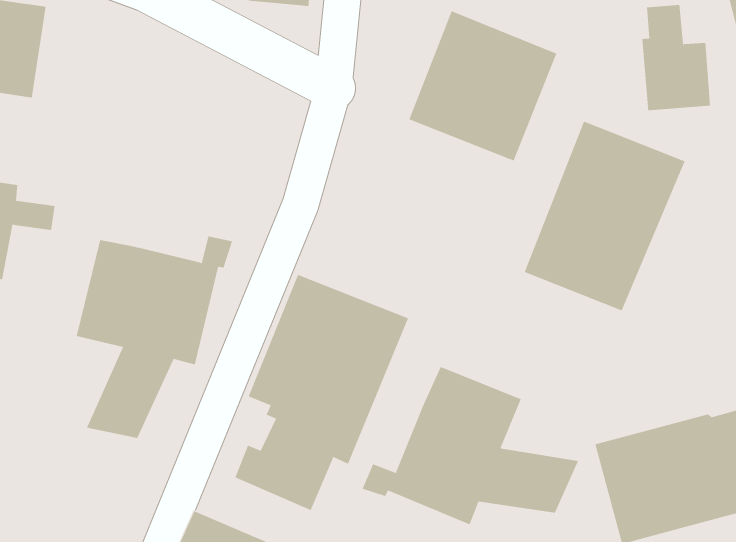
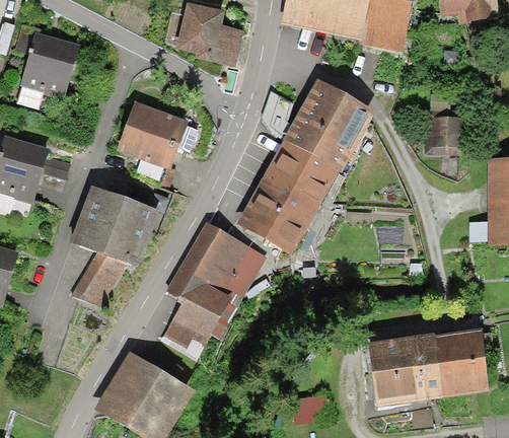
building: none -> [118,100,188,186]
building: [524,121,685,311] -> [236,139,340,253]
building: [362,366,579,525] -> none

